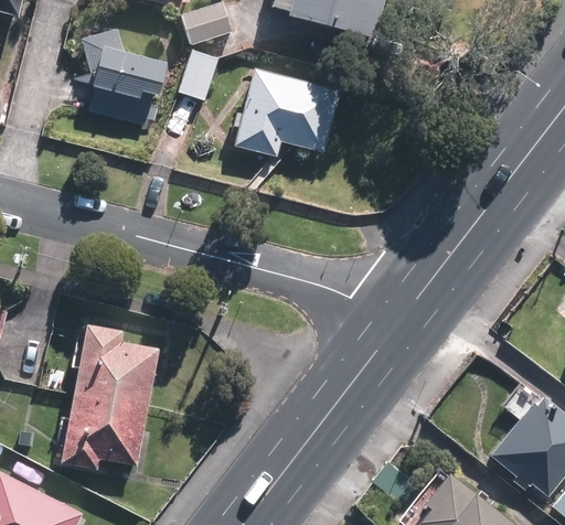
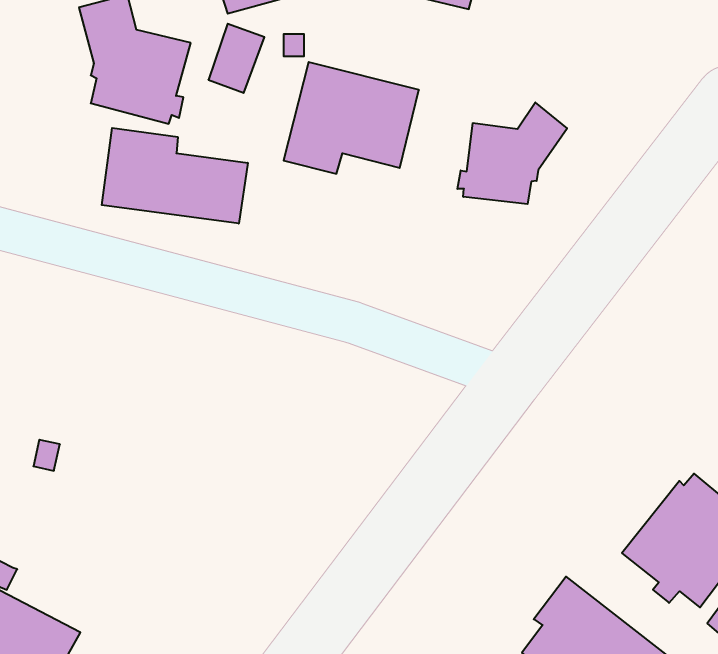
building: none -> [457,102,567,204]
building: none -> [102,128,248,224]
building: [60,317,158,462] -> none

